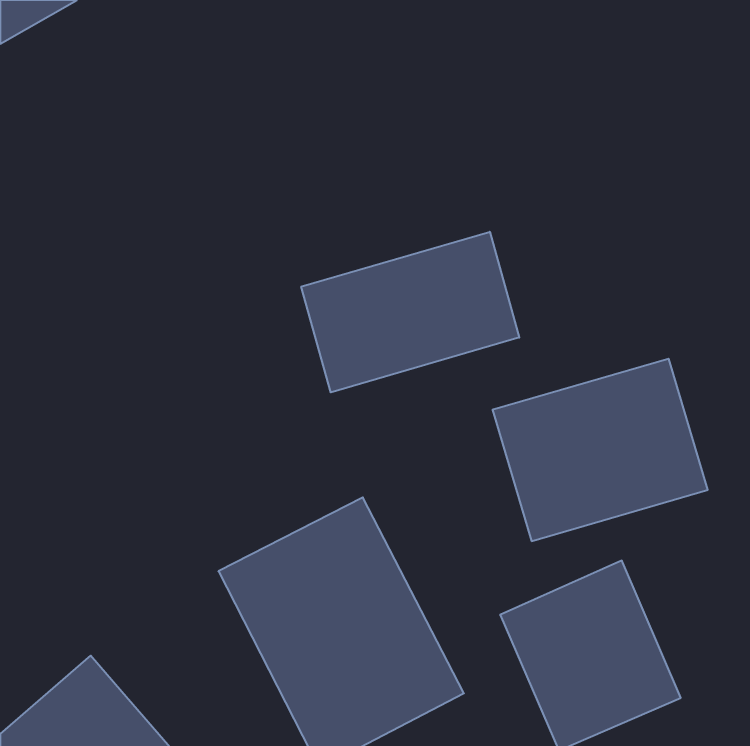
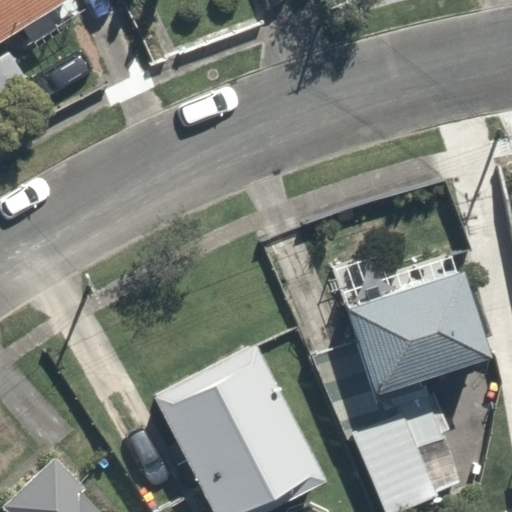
building: [301,232,519,392] -> none

